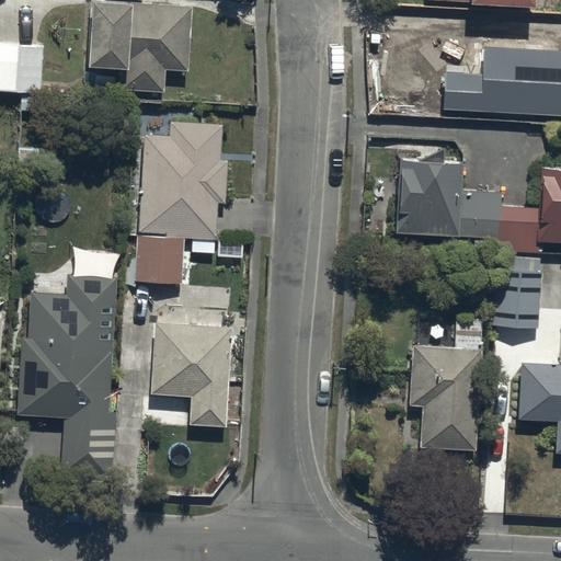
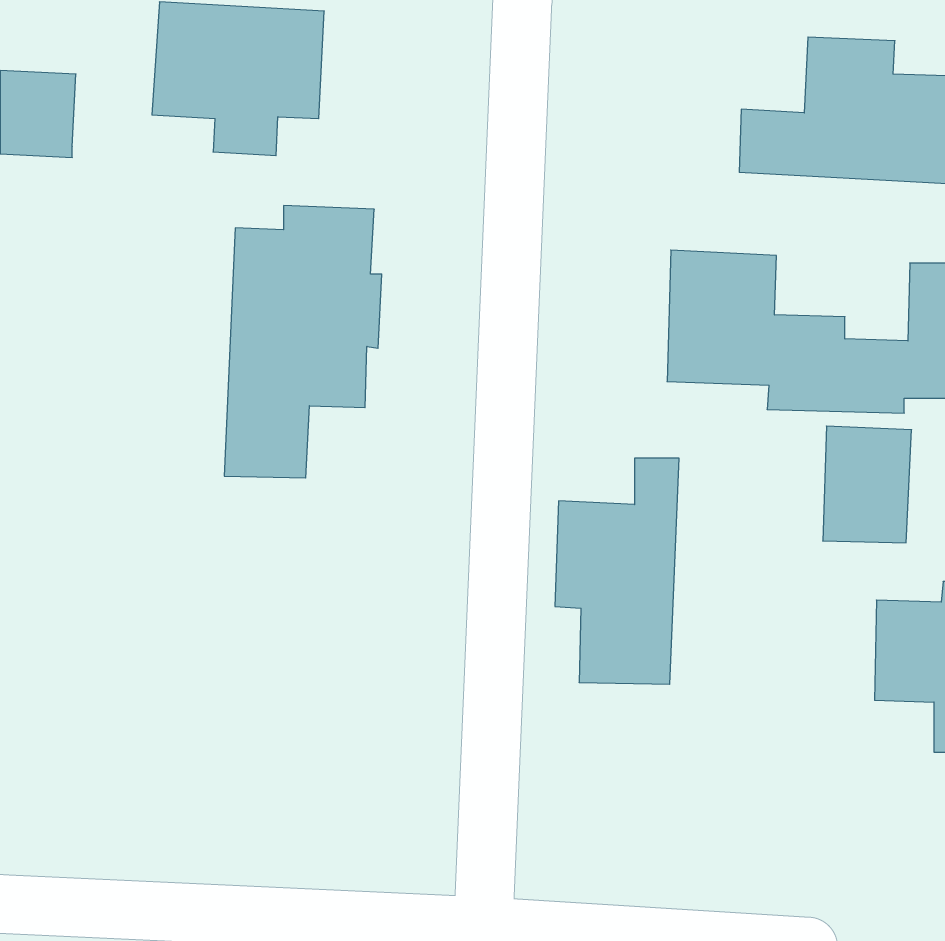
building: [19,277,117,482] -> none
building: [407,314,480,448] -> [555,458,679,684]
building: [152,324,232,430] -> none

